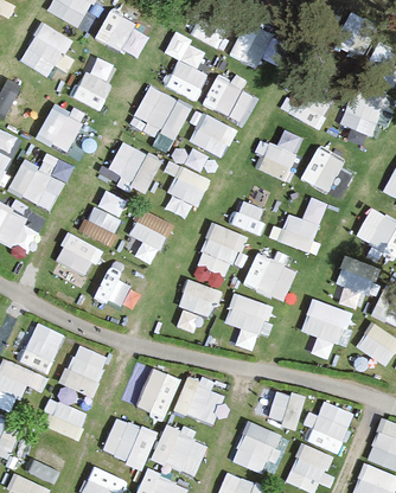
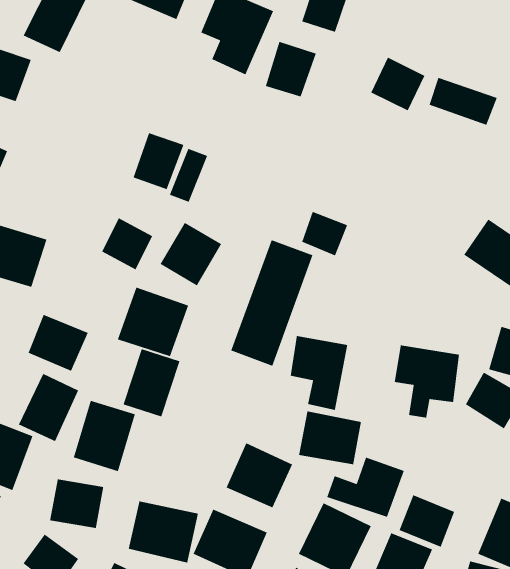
building: [75,56,119,110] -> none
building: [129,87,190,146] -> none
building: [37,105,82,152] -> none
building: [189,113,232,155] -> none
building: [260,135,299,180] -> none
building: [13,146,75,211] -> none
building: [300,149,356,199] -> none
building: [160,165,209,218] -> none
building: [277,199,330,252] -> none
building: [55,232,101,276] -> [28,314,89,372]
building: [242,251,296,300] -> none
building: [333,255,379,296] -> none
building: none -> [298,411,362,465]
building: [136,366,180,418] -> [122,348,181,418]

